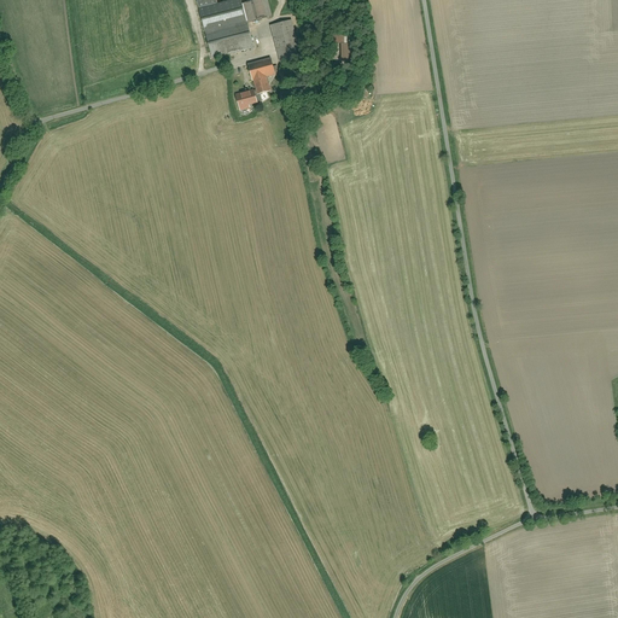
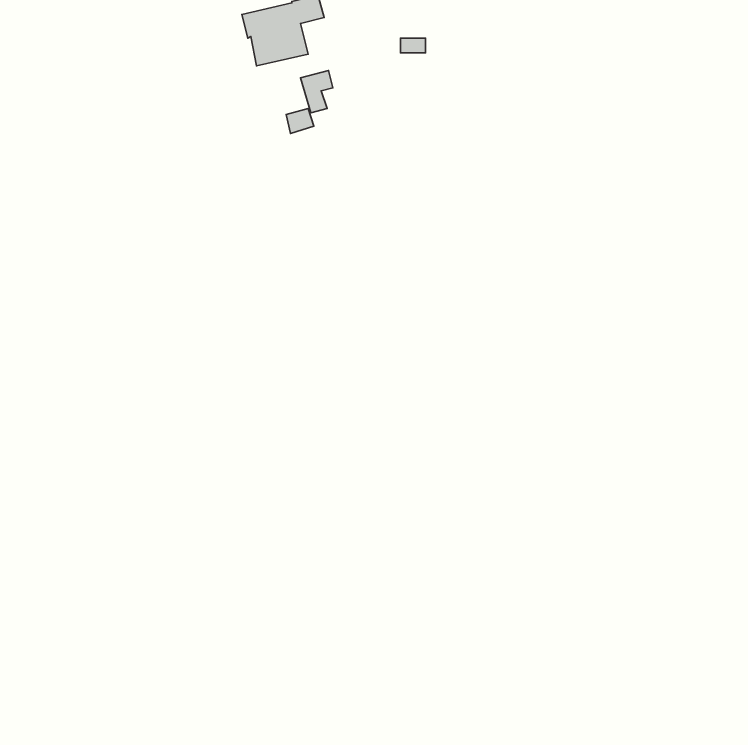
building: [269,17,301,60] -> none

